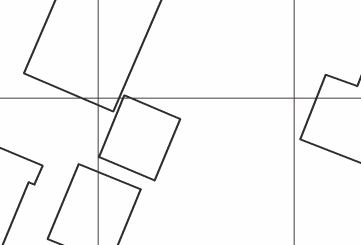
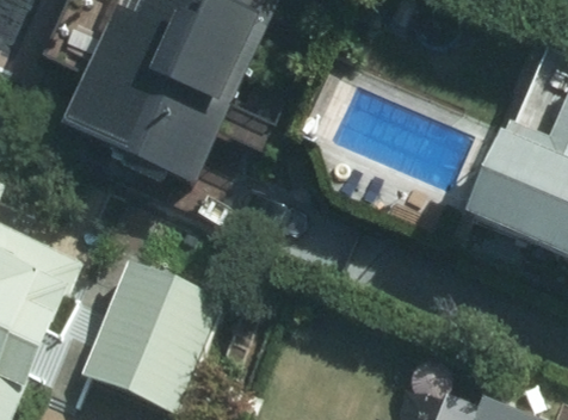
building: [99,95,180,181] -> none

